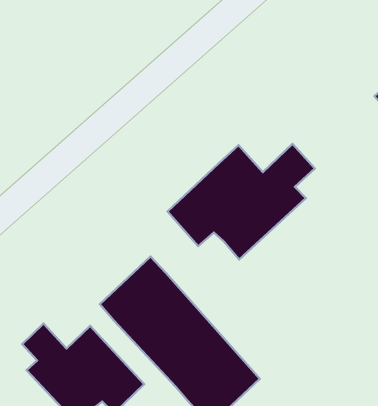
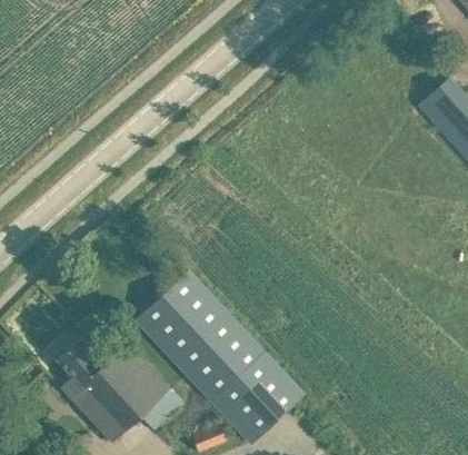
building: [167,144,315,260] -> none

